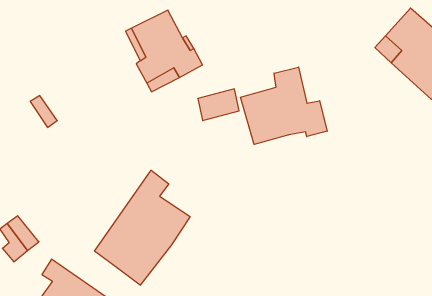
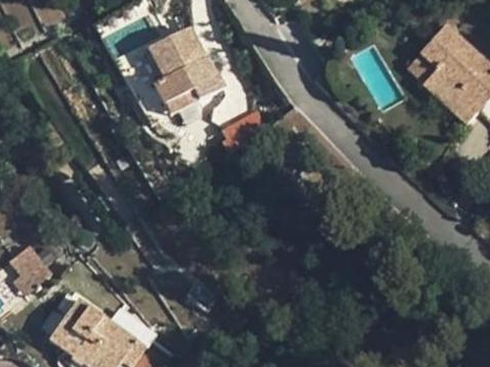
building: [241,67,327,144] -> none
building: [95,170,190,285] -> none

